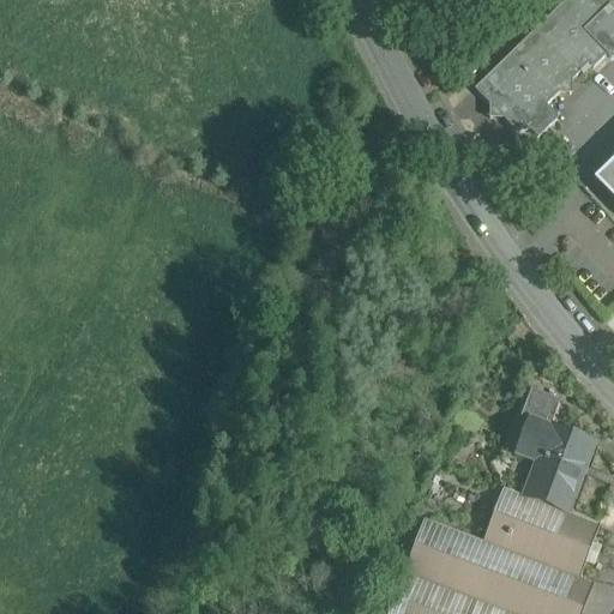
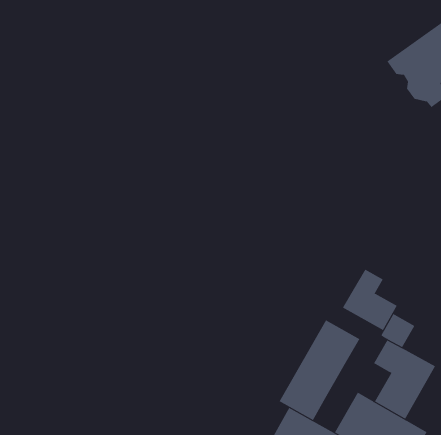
building: none -> [342,269,397,331]
building: none -> [279,320,360,421]

